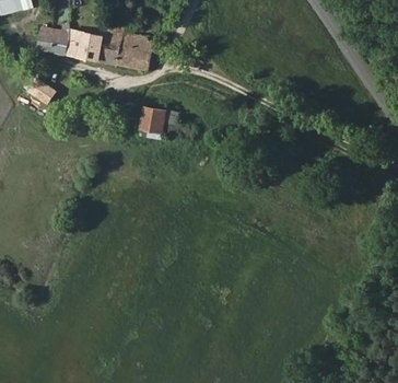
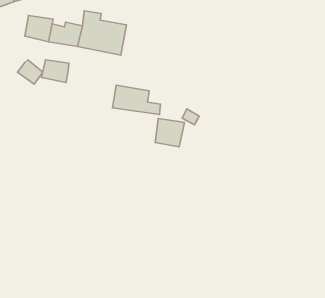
building: none -> [42,60,69,83]
building: none -> [155,118,184,147]

